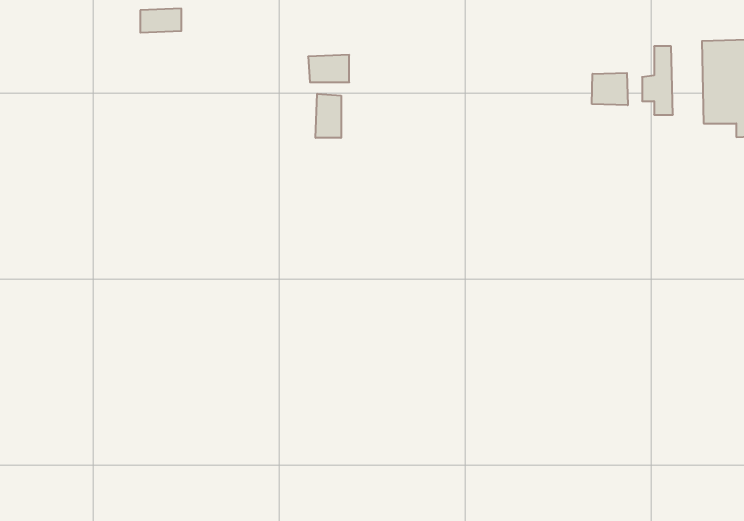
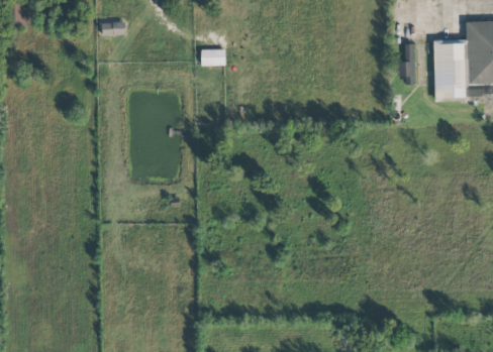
building: [592,73,628,105] -> none
building: [316,94,341,138] -> none

